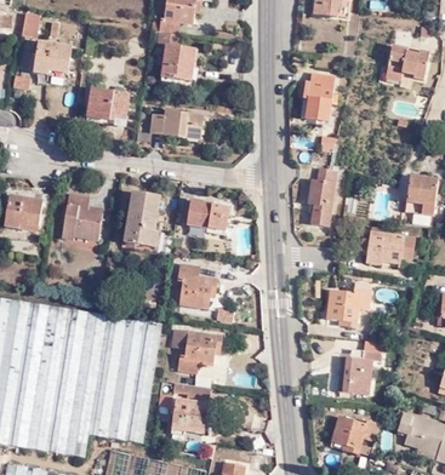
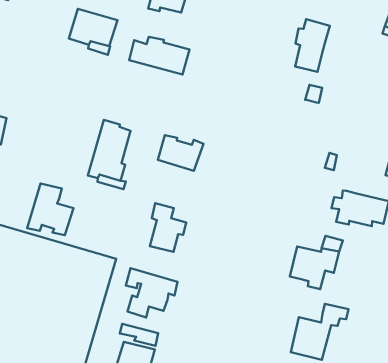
building: [304,168,337,227] -> none
building: [61,195,102,241] -> [27,183,73,235]

